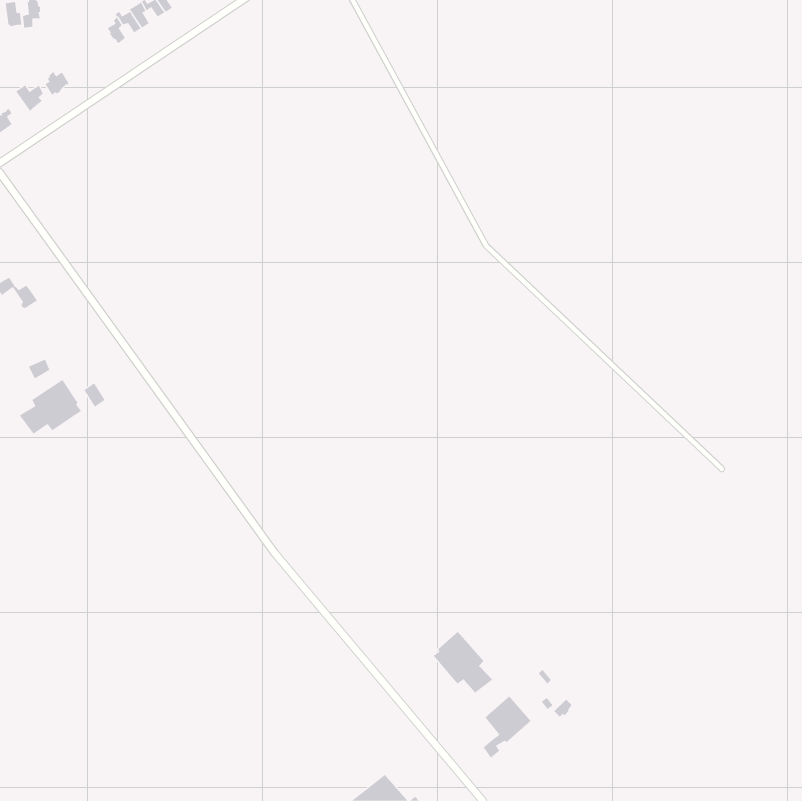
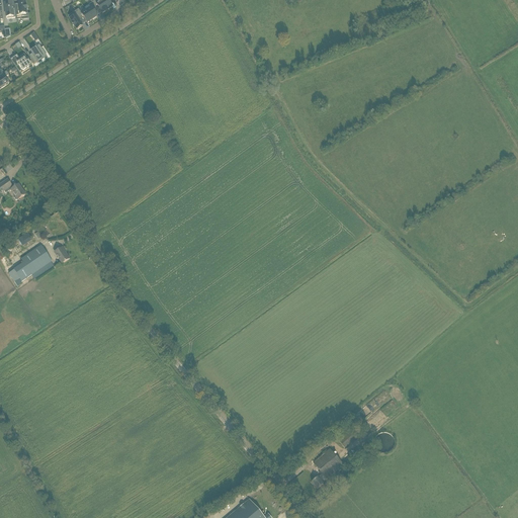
building: [433,631,493,694] -> none

